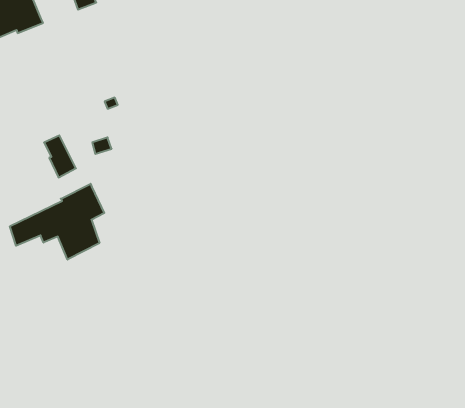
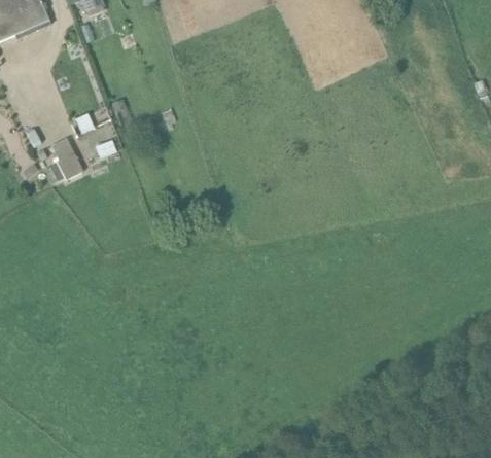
building: [10,184,104,260] -> none

